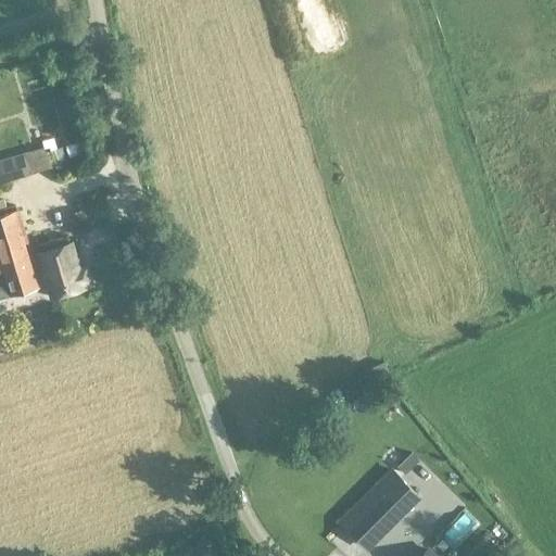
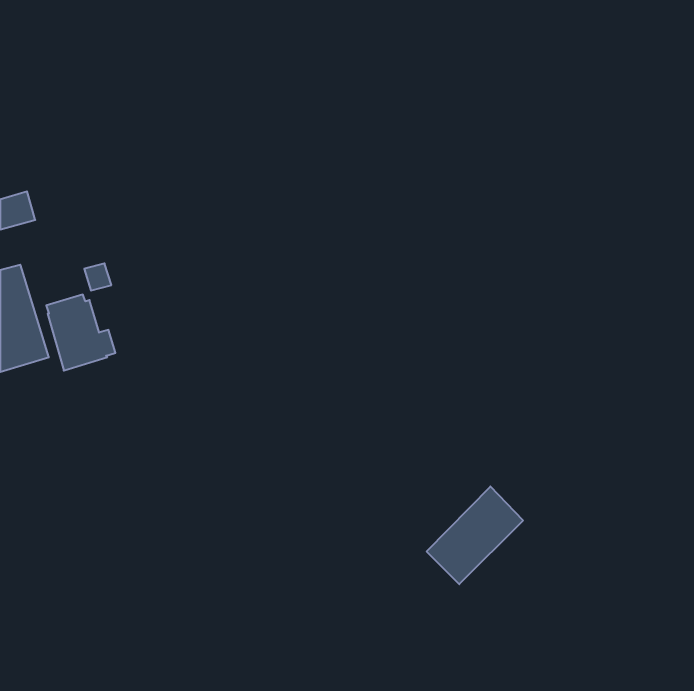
building: [341,471,418,549] -> [427,486,523,584]

